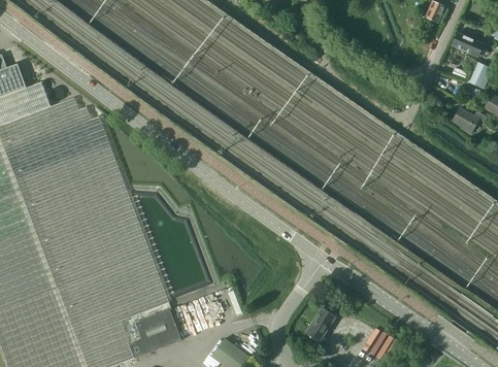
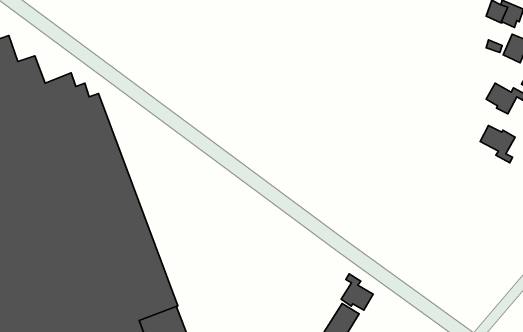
building: none -> [480,126,515,163]
building: none -> [341,274,373,310]

